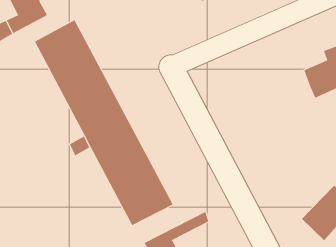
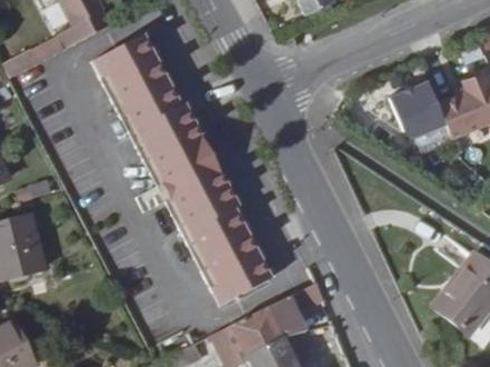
building: none -> [397,78,452,130]

